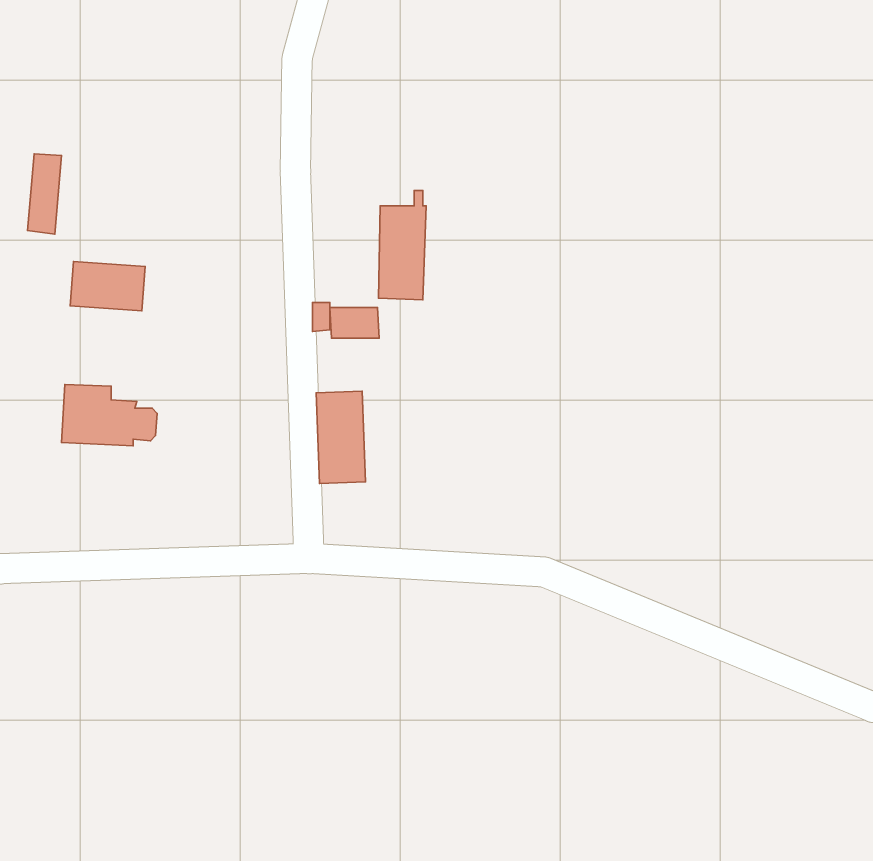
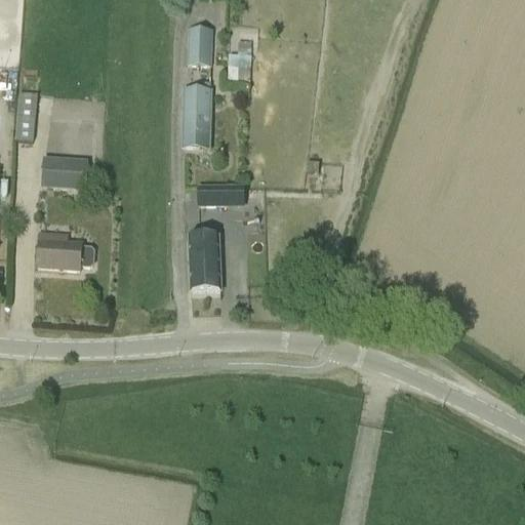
building: none -> [189,29,212,65]
building: none -> [229,54,250,83]
building: [378,191,426,300] -> [184,81,212,147]

